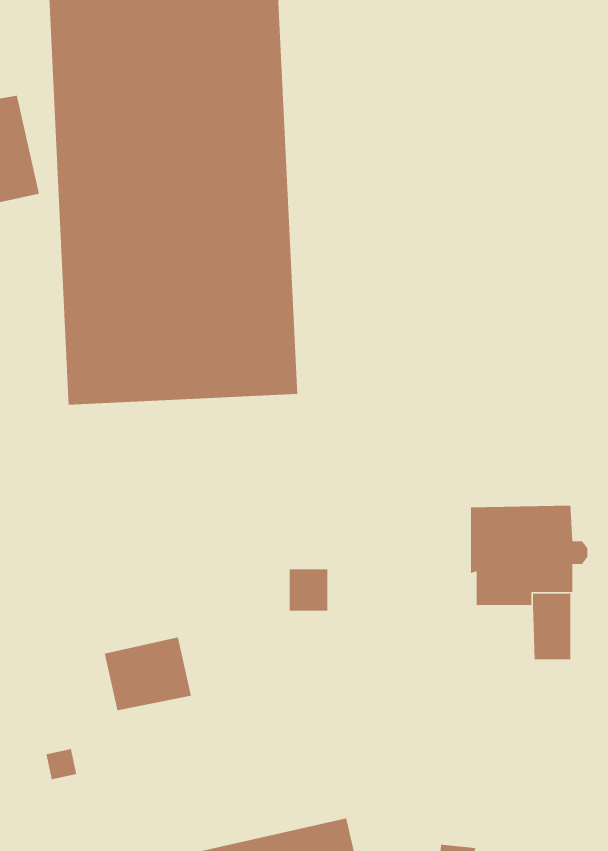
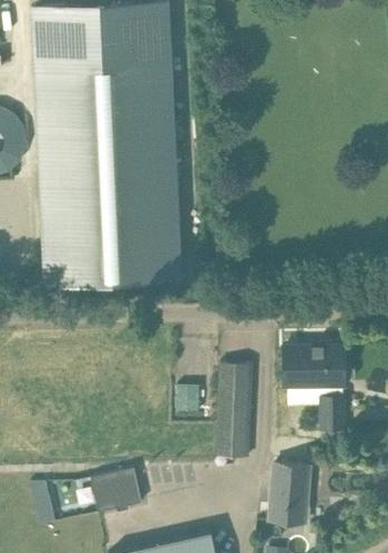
building: none -> [215,365,251,458]
building: [104,636,192,711] -> [89,469,141,513]
building: none -> [268,465,308,524]

